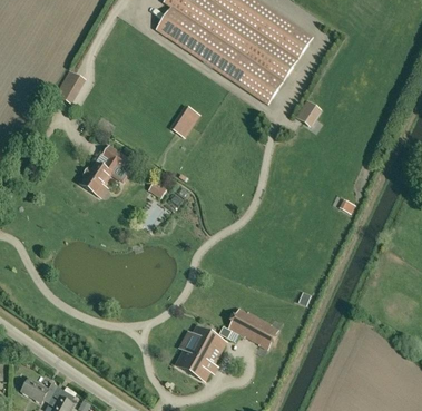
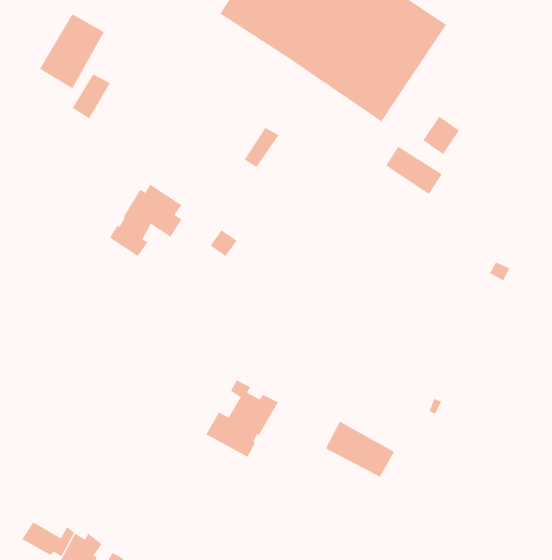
building: none -> [39,14,104,89]
building: none -> [386,146,442,195]
building: [175,327,225,381] -> [206,379,279,457]

